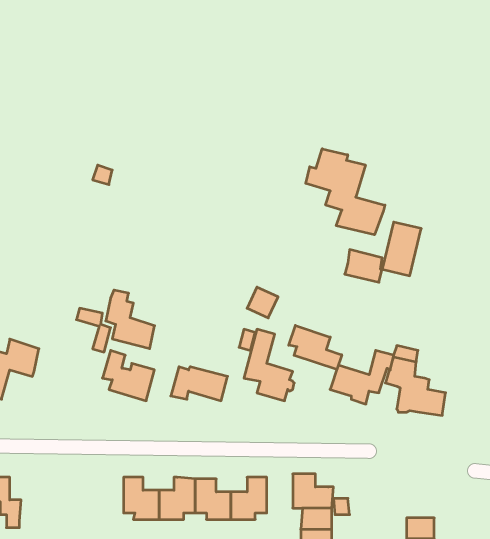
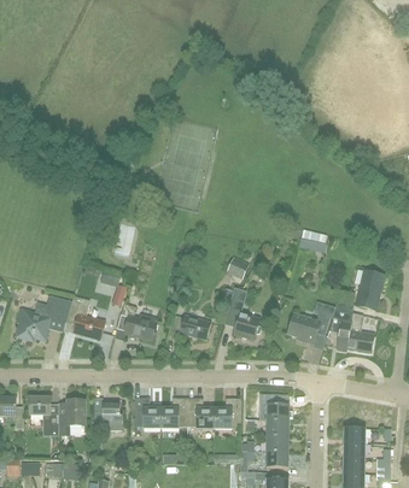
building: [306,149,385,235] -> none
building: [382,222,421,276] -> [355,269,384,308]
building: [106,290,155,349] -> [68,295,104,339]
building: [289,325,342,370] -> none
building: none -> [93,396,122,429]
building: none -> [57,399,84,434]

